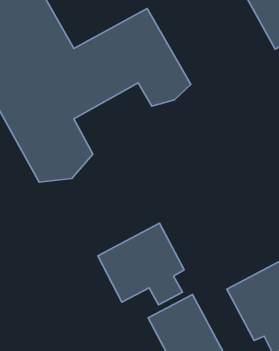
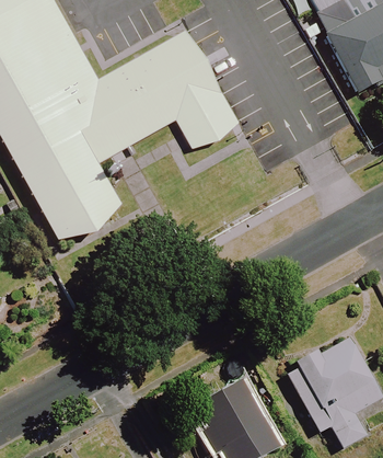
building: [98,223,184,305] -> none

